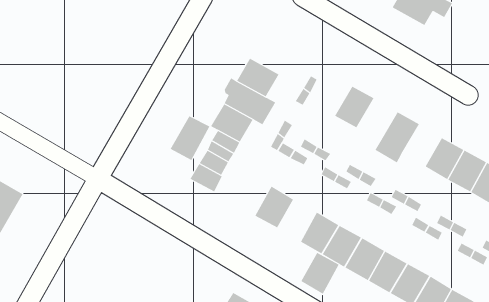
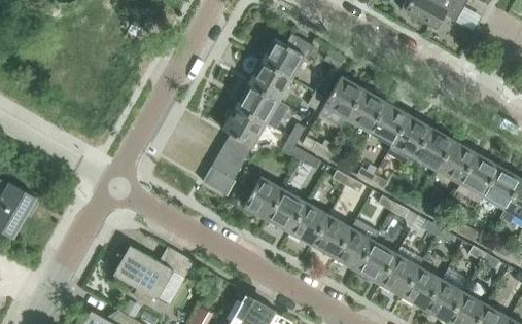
building: none -> [262,34,314,78]
building: none -> [323,76,363,119]
building: none -> [369,102,409,145]
building: [170,115,210,161] -> none
building: none -> [414,128,453,170]
building: none -> [243,176,283,219]
building: none -> [113,247,193,299]
building: [300,252,340,295] -> [289,203,328,245]

